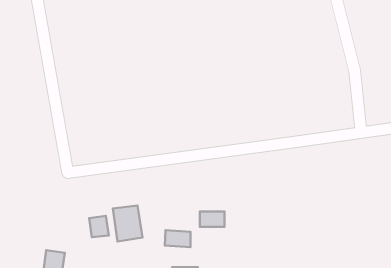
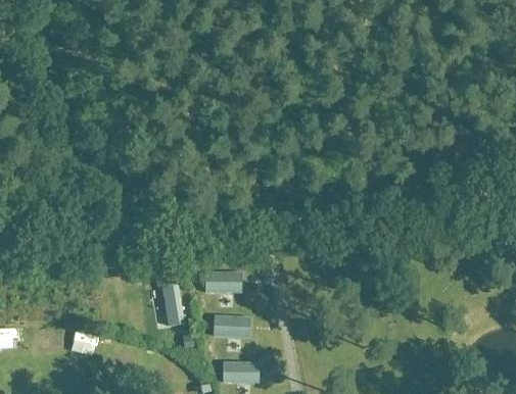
building: [200,212,225,227] -> [208,274,240,293]
building: [89,216,109,237] -> none

